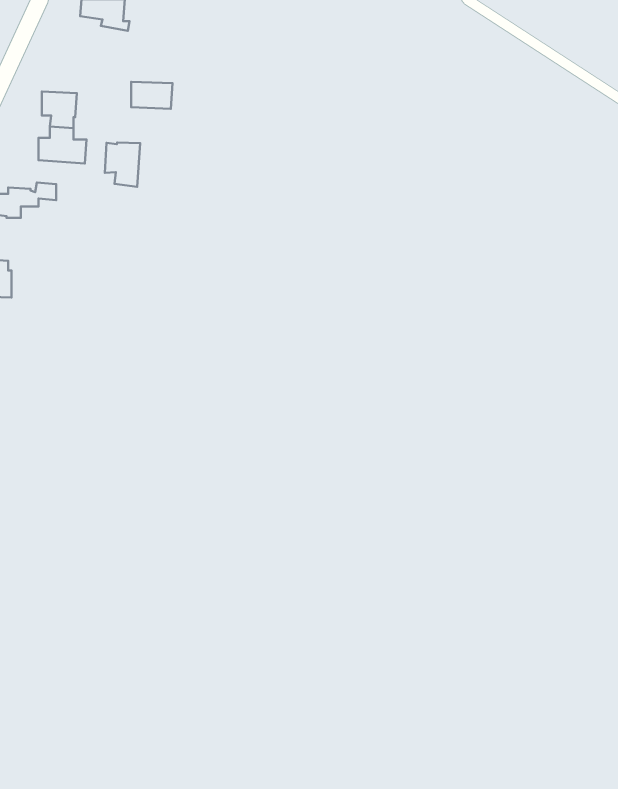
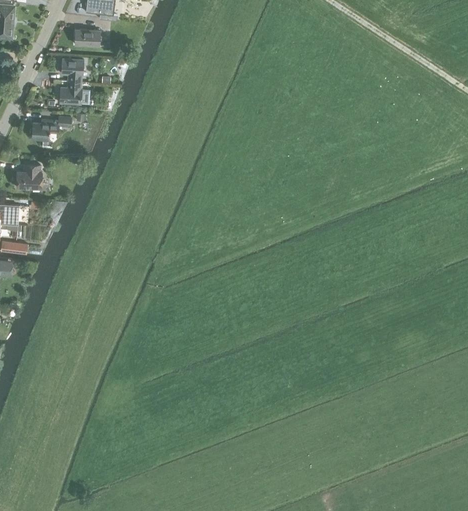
building: [131,82,173,109] -> [74,28,100,45]
building: [105,142,140,187] -> none

